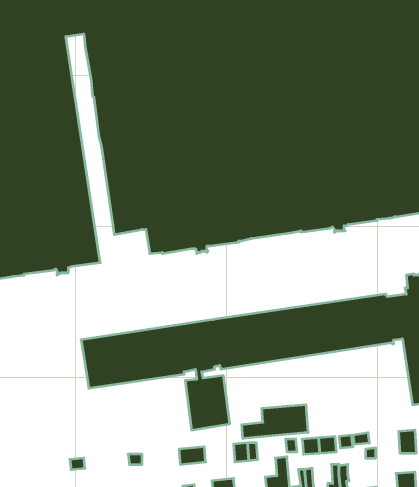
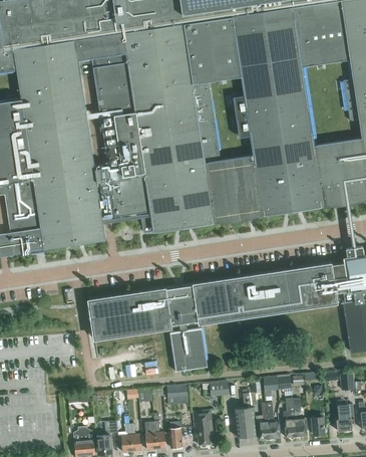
building: [242,405,308,439] -> none

